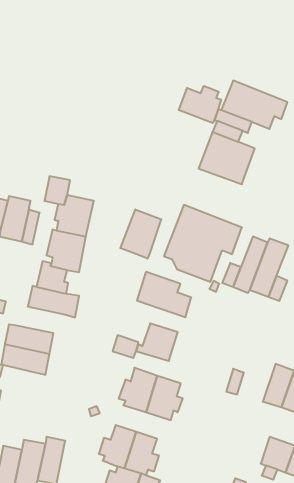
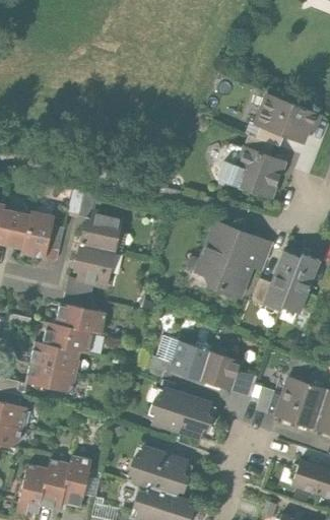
building: [179,86,221,123] -> none
building: [120,209,161,259] -> none
building: [137,272,191,317] -> [198,350,254,397]
building: none -> [41,323,91,353]
building: none -> [275,377,308,421]

